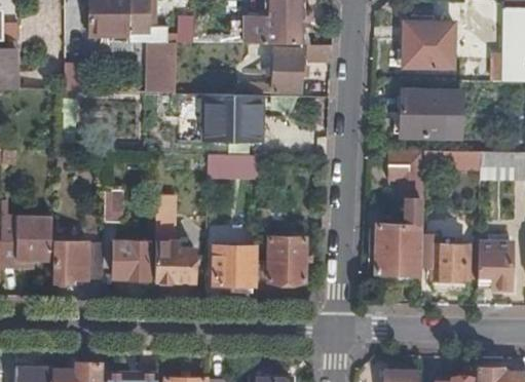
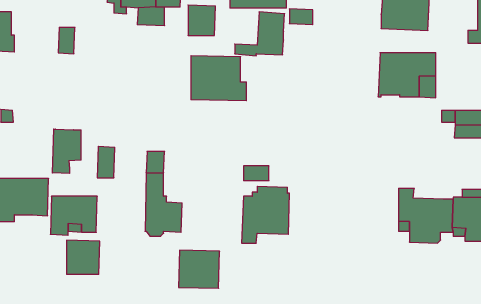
building: [147,61,176,92] -> [188,5,215,35]
building: [375,150,424,274] -> none
building: [209,154,260,176] -> none
building: none -> [52,129,81,173]
building: [115,242,150,278] -> [67,240,100,274]
building: [213,245,256,285] -> [179,250,220,288]

